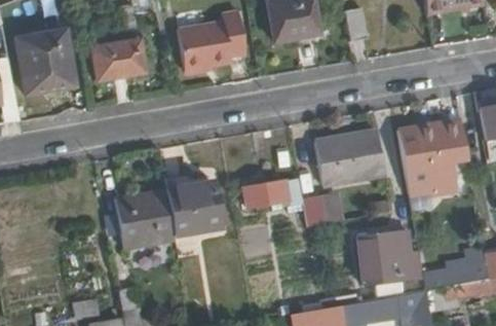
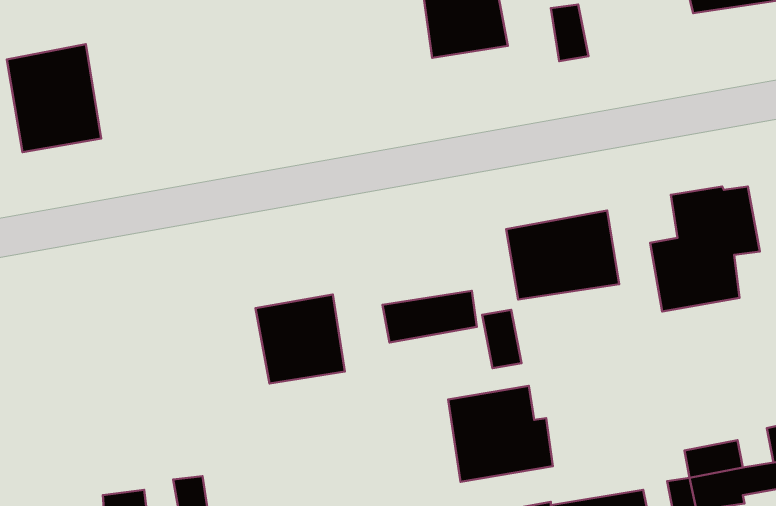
building: [177,10,245,70] -> none
building: [89,36,146,79] -> none
building: [116,189,175,243] -> none
building: [357,228,420,286] -> [448,386,553,482]

